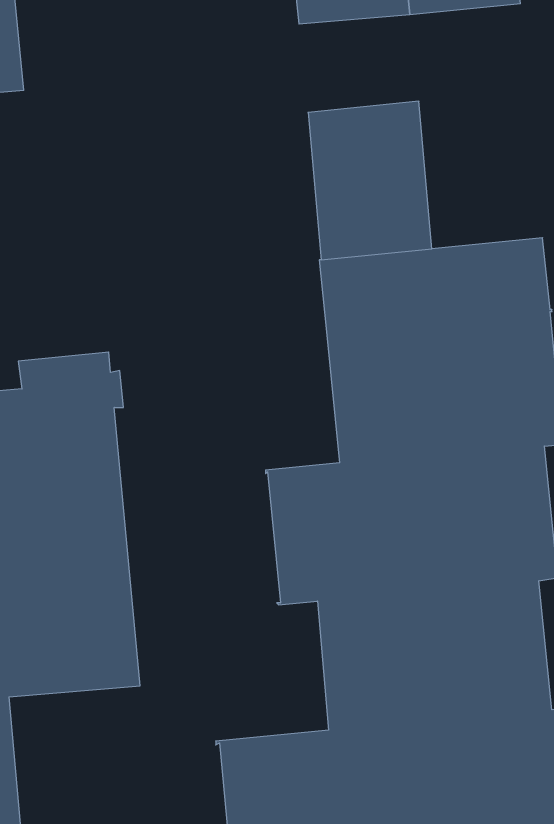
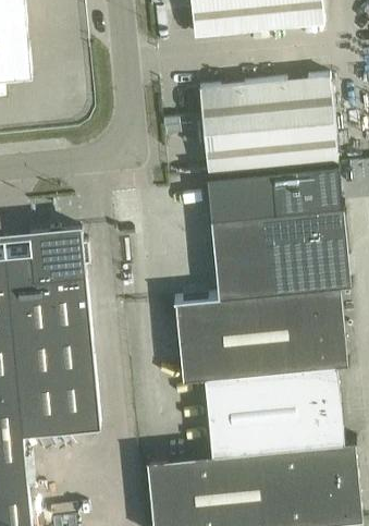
building: none -> [265,74,337,168]

